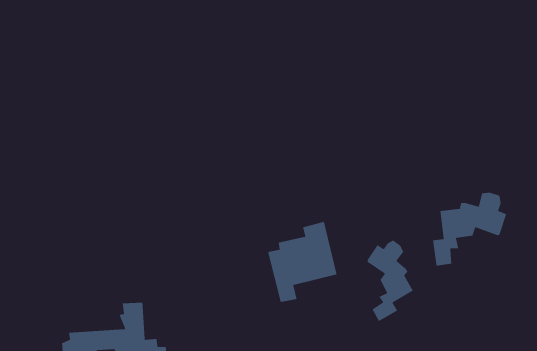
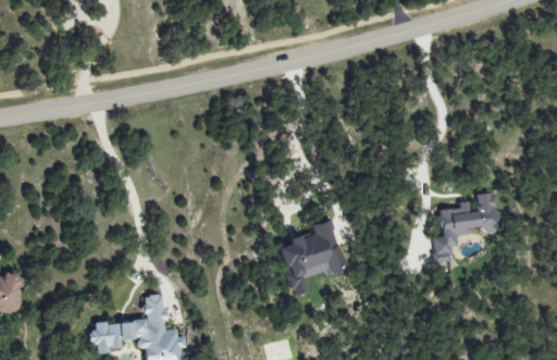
building: [367,240,414,322] -> none

